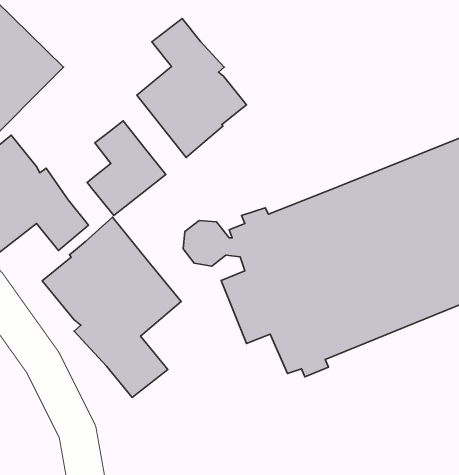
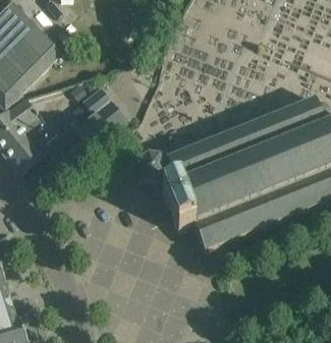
building: [137,19,247,157] -> none
building: [42,217,181,398] -> none

